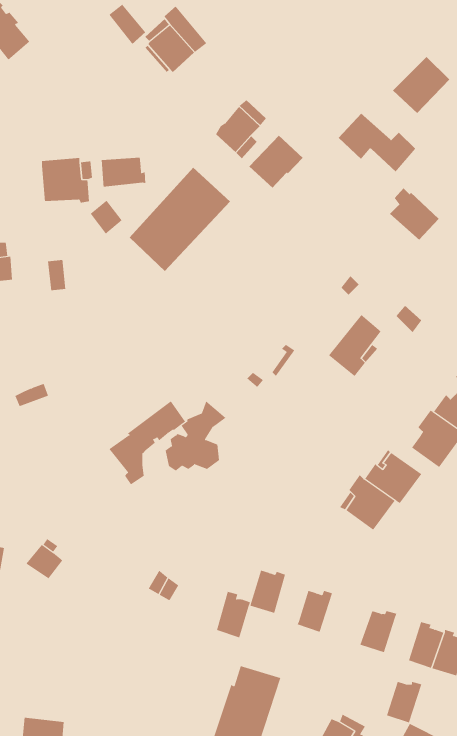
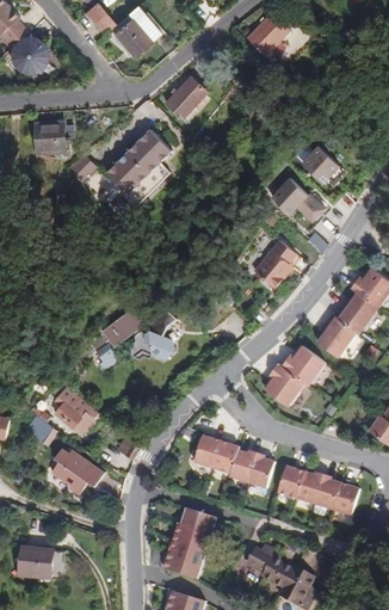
building: none -> [11,37,47,73]
building: [392,56,450,114] -> [246,11,290,55]
building: [338,113,416,172] -> [271,179,331,224]
building: [249,135,304,188] -> none
building: [101,157,146,187] -> none
building: none -> [53,386,97,433]
building: none -> [50,448,104,493]
building: [216,591,251,638] -> [212,438,239,474]
building: none -> [247,452,274,488]
building: [386,681,422,723] -> [296,472,323,504]

